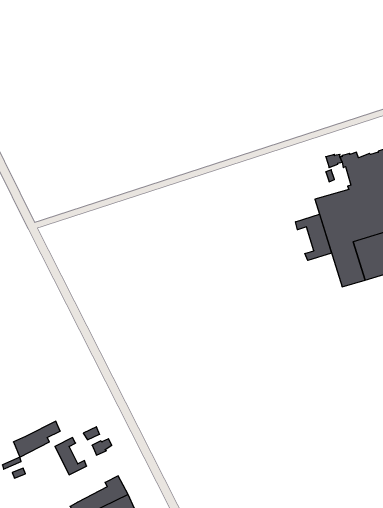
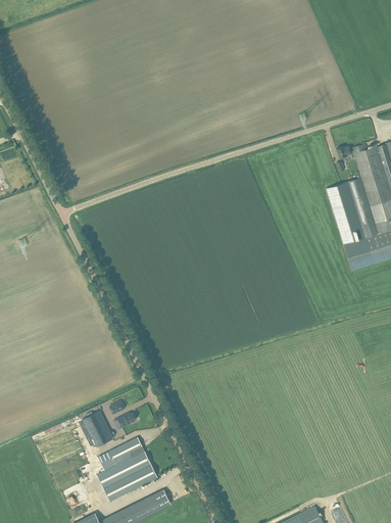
building: [296,214,332,260] -> none
building: [13,421,60,457] -> [98,437,142,471]

